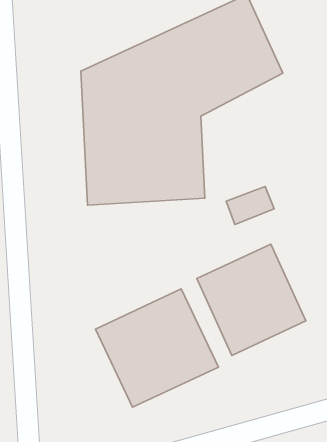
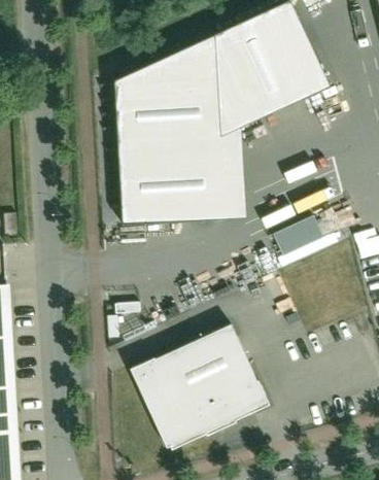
building: [197,244,306,355] -> none

